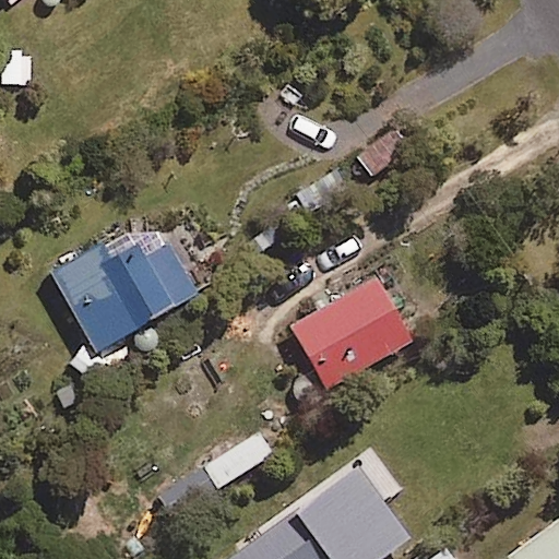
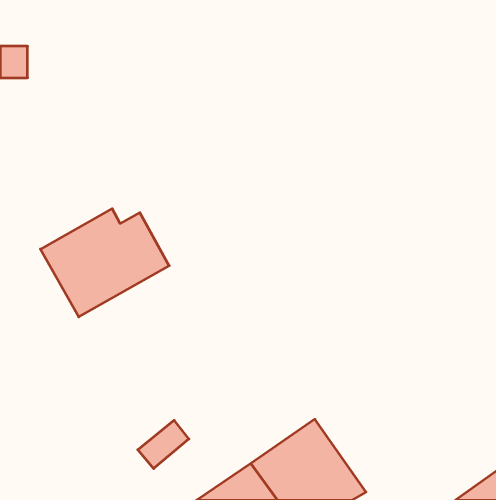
building: [292,278,414,392] -> none

